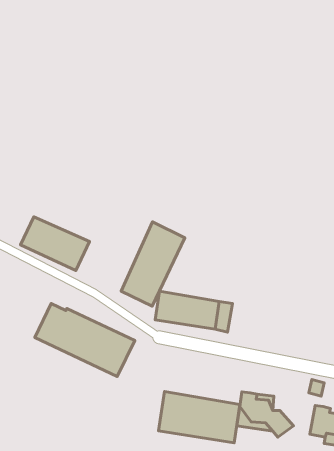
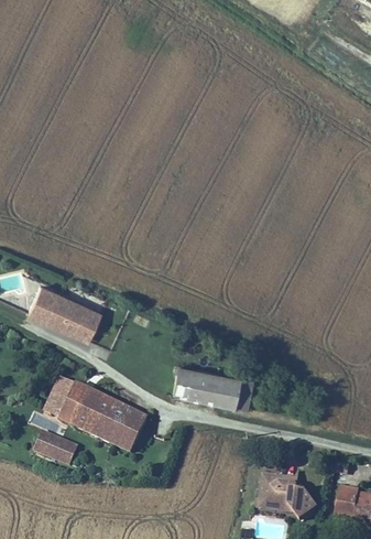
building: [121,222,185,306] -> none
building: none -> [33,430,77,465]
building: [158,391,240,443] -> none

